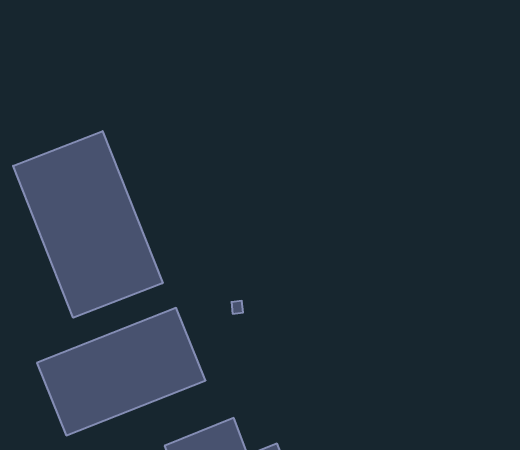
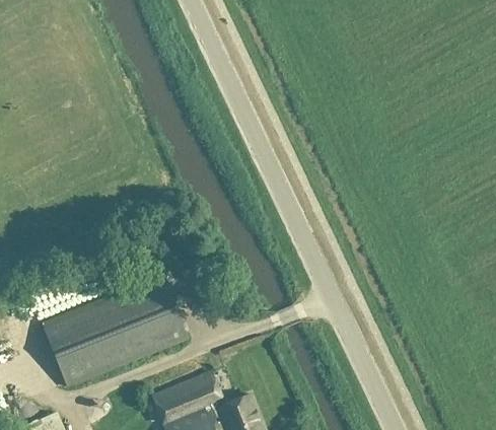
building: [13,131,163,318] -> none

